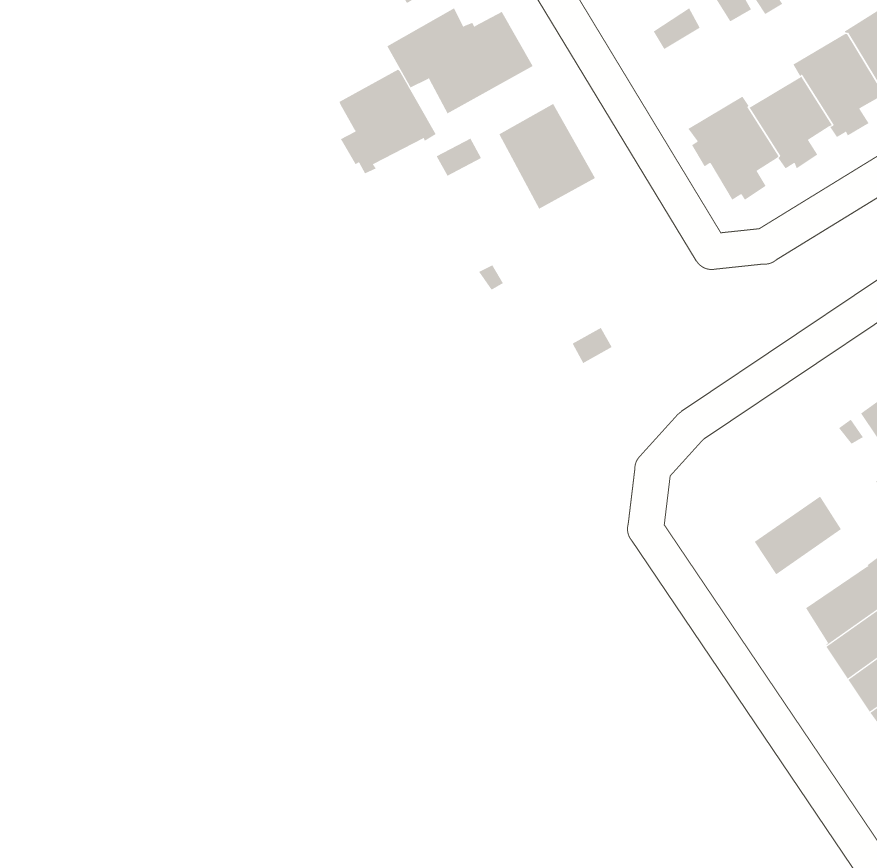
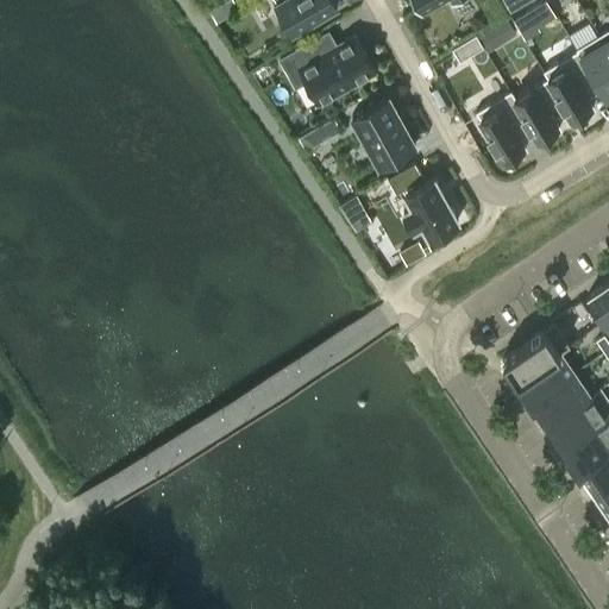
building: [339,69,437,174] -> none
building: none -> [388,168,458,240]
building: none -> [502,327,570,384]
building: none -> [532,376,591,427]

